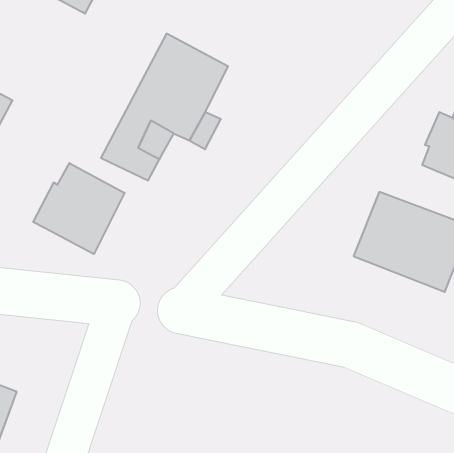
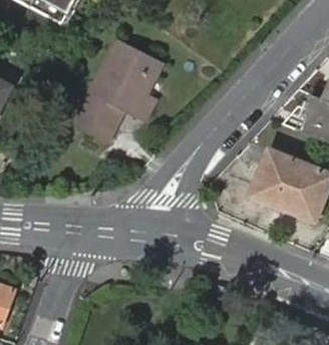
building: [33,163,125,254] -> none

